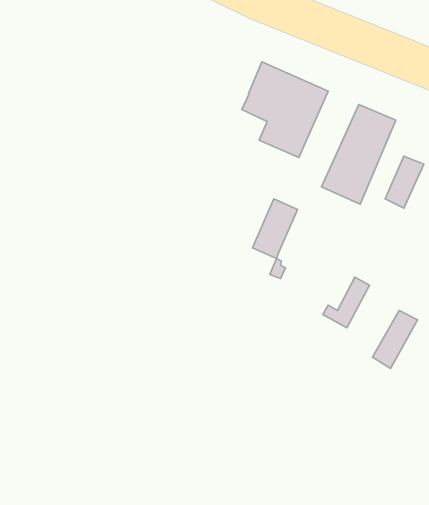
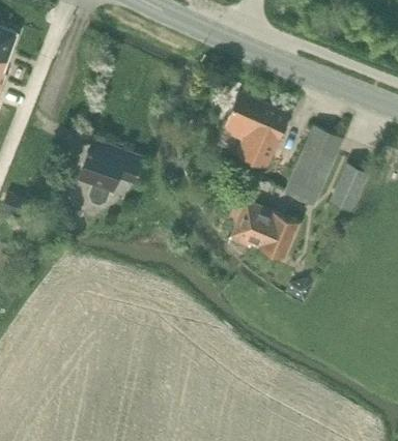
building: none -> [78,143,141,205]
building: none -> [250,209,300,259]
building: [372,310,418,369] -> none

